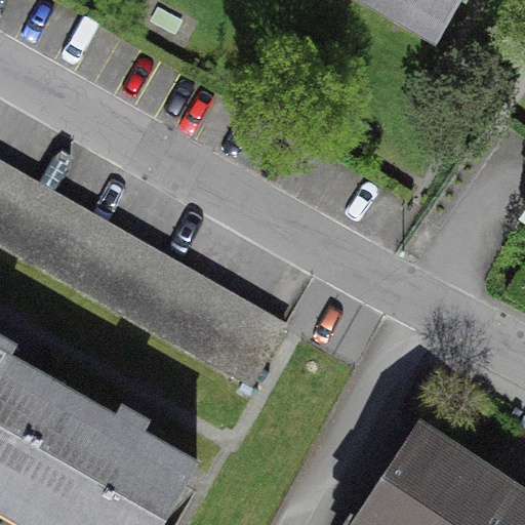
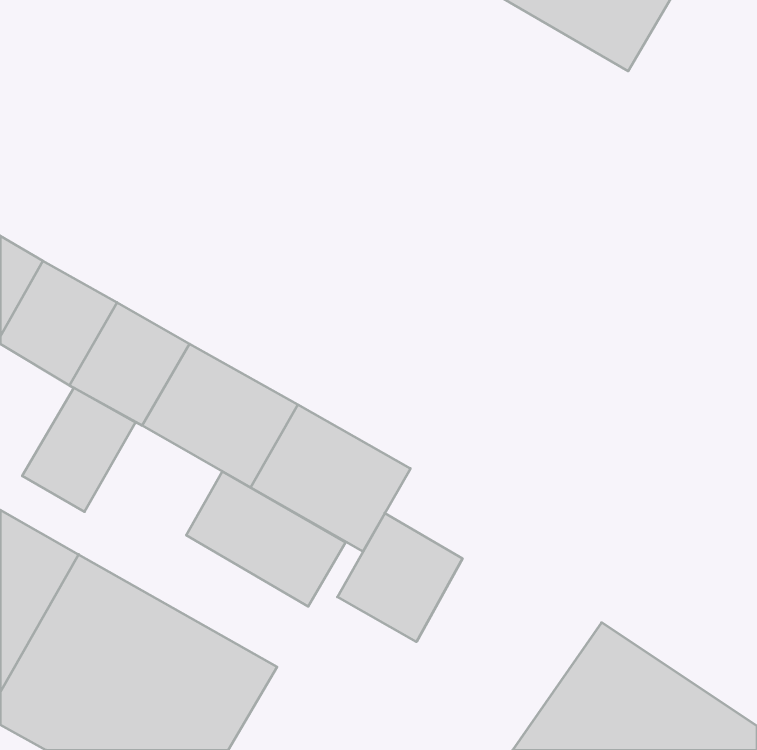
building: none -> [22,388,136,512]
building: none -> [186,471,345,606]
building: none -> [337,513,462,642]

